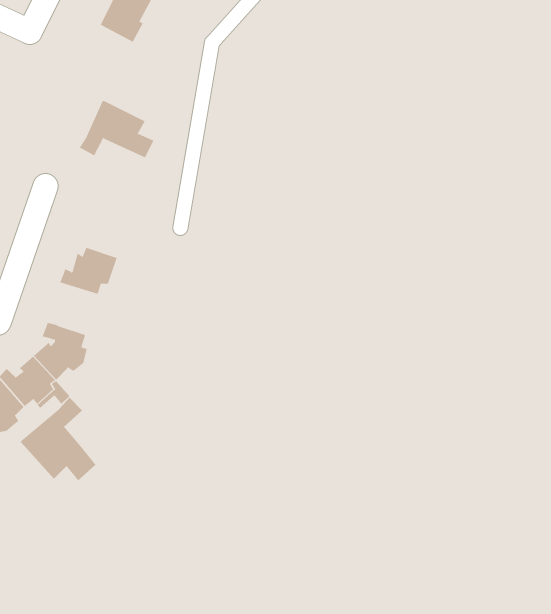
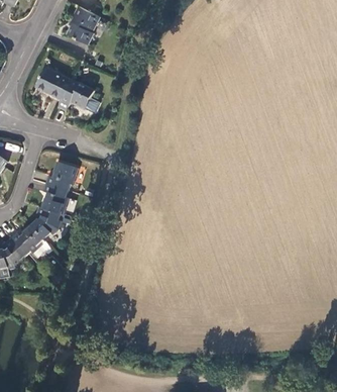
building: none -> [35,67,70,99]
building: none -> [43,183,69,214]
building: [20,397,96,481] -> none

